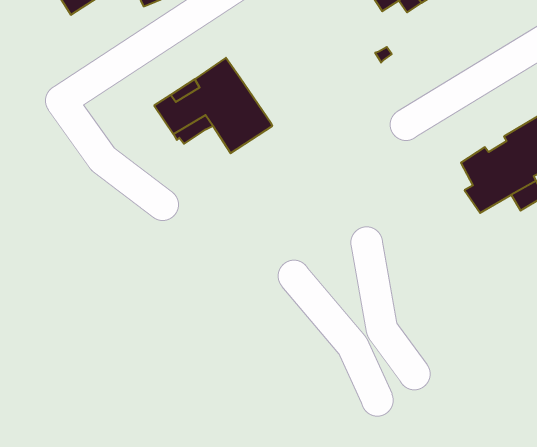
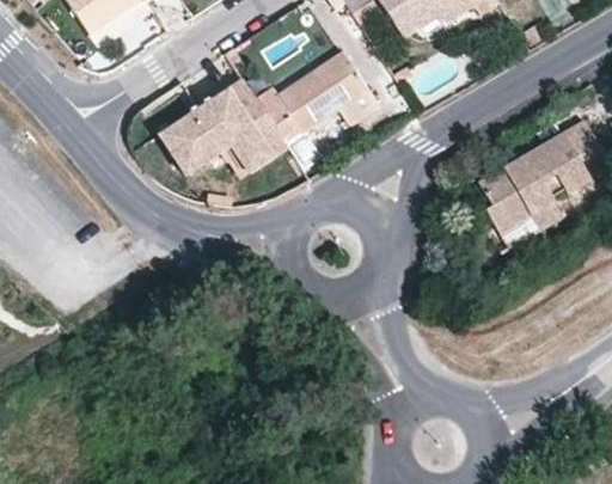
building: none -> [256,51,377,142]

